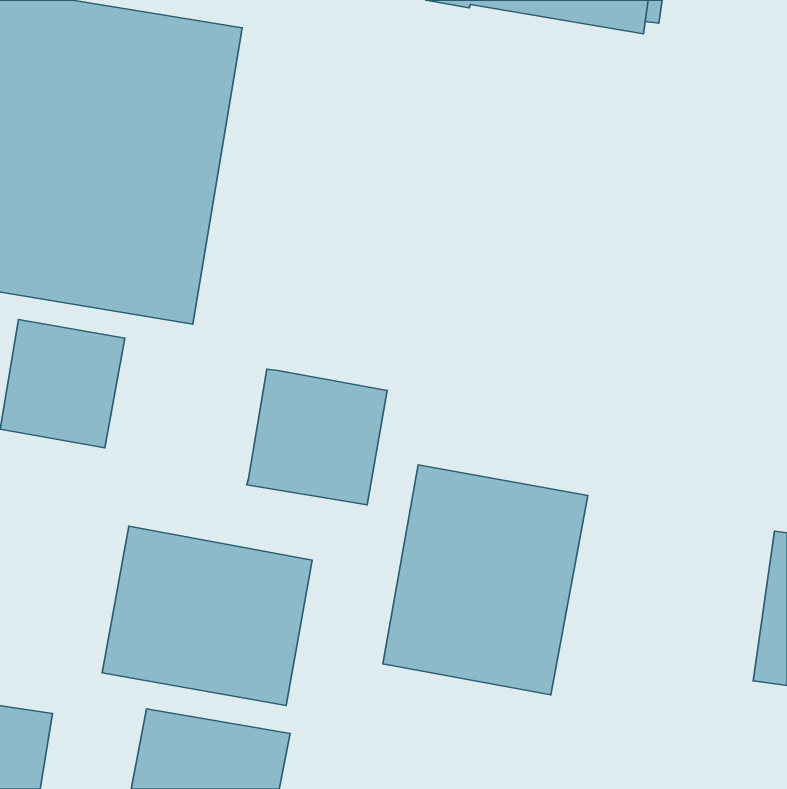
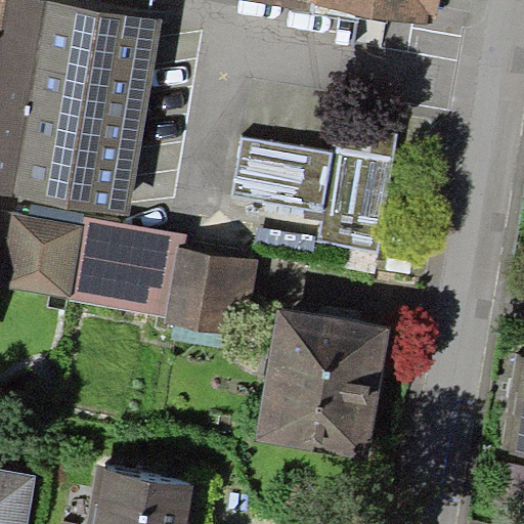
building: none -> [231,120,397,252]
building: none -> [70,215,187,317]
building: [102,526,312,706] -> none

